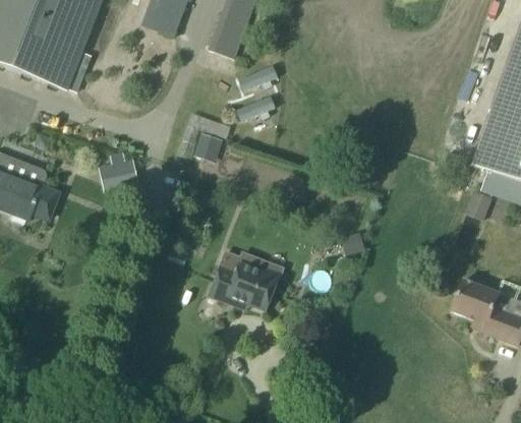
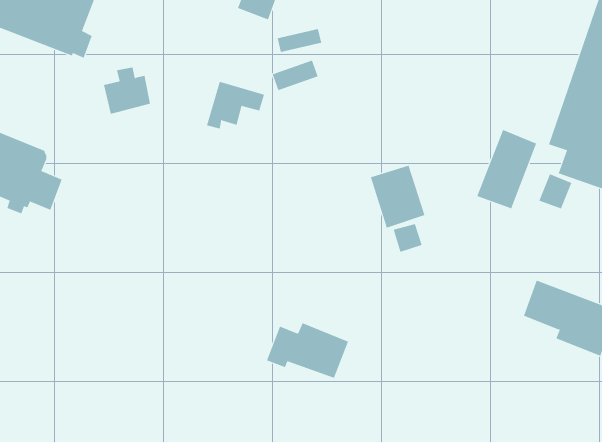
building: none -> [477,129,537,209]
building: [97,152,137,192] -> [103,67,151,115]
building: none -> [370,165,425,228]
building: [208,262,278,310] -> [266,322,349,379]

